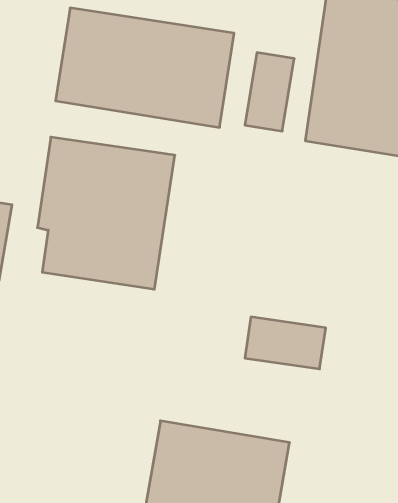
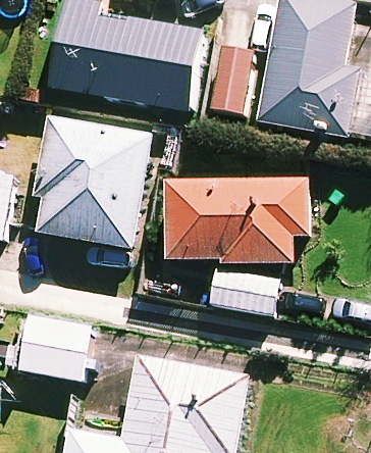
building: none -> [166,177,308,260]
building: none -> [17,314,88,377]

